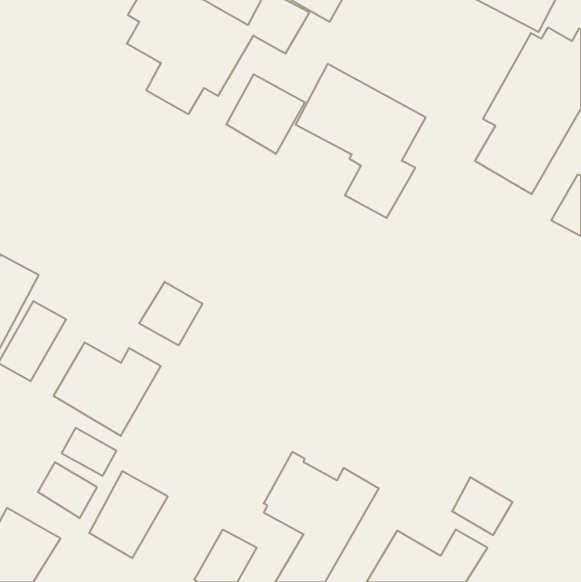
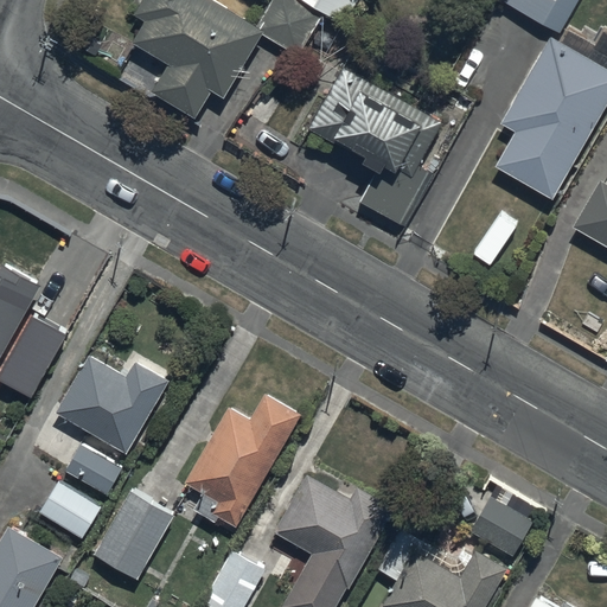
building: [226,74,305,154] -> none
building: [139,282,202,345] -> none
building: none -> [184,394,301,526]

